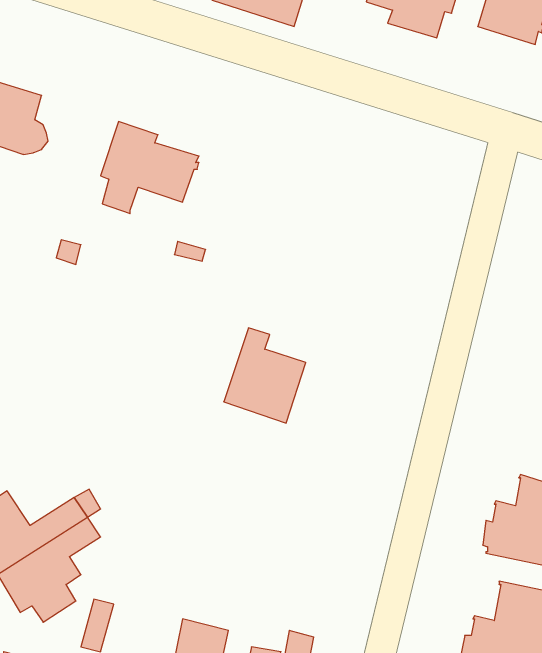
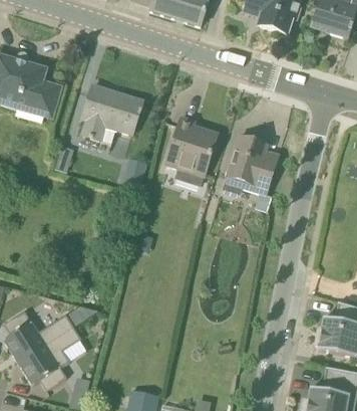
building: none -> [226,136,278,195]
building: [224,328,306,423] -> [165,118,216,176]

